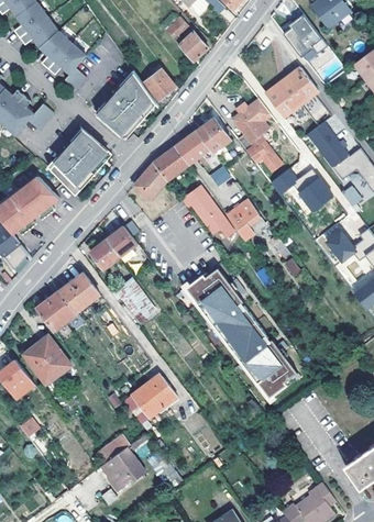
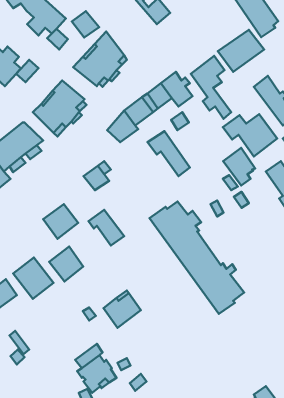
building: [144,68,176,99] -> [72,11,99,38]
building: [223,197,261,241] -> [223,148,255,185]
building: [90,240,120,269] -> none
building: [36,290,76,331] -> [49,247,83,281]

